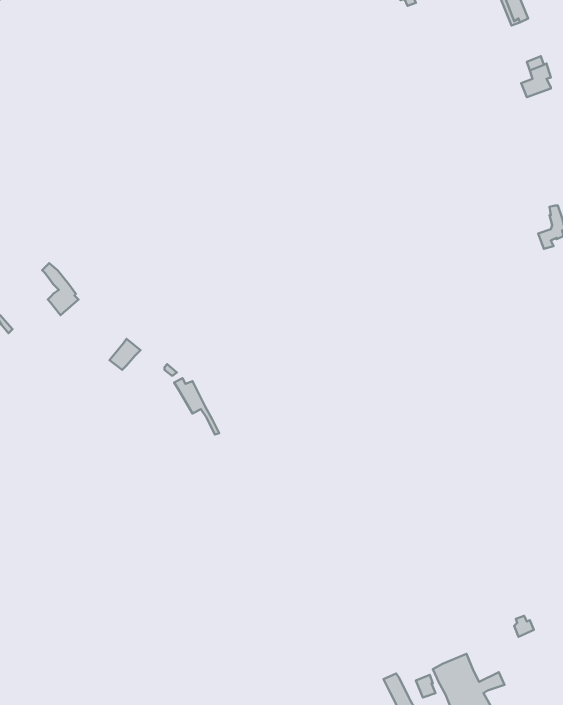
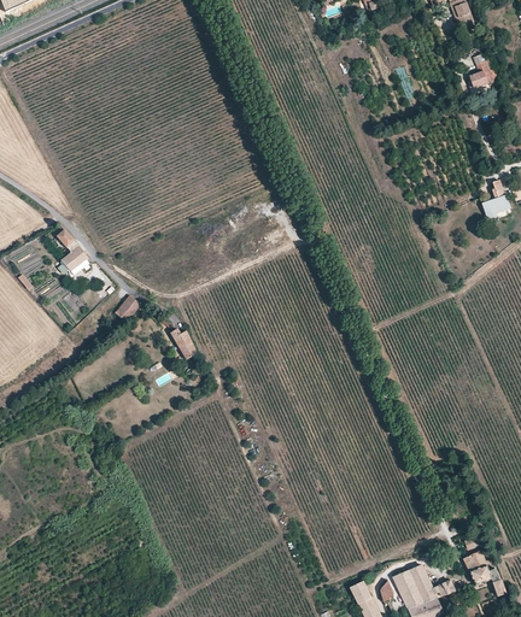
building: none -> [462,550,491,583]

